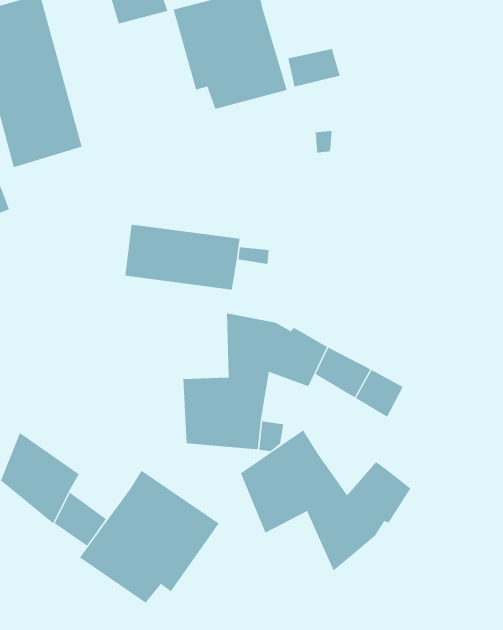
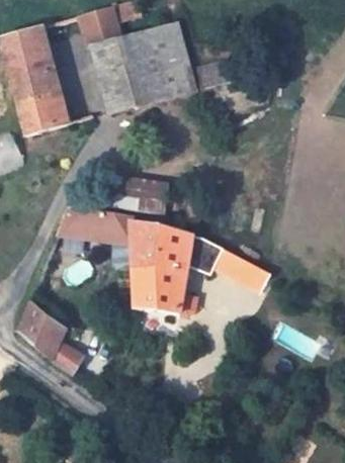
building: none -> [91,36,152,112]
building: none -> [56,205,160,268]
building: [240,429,411,571] -> none
building: [79,470,220,603] -> none

